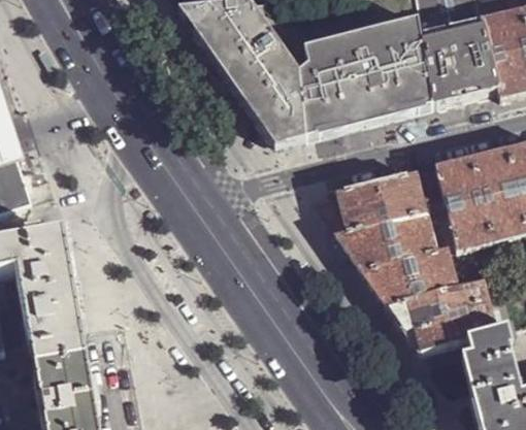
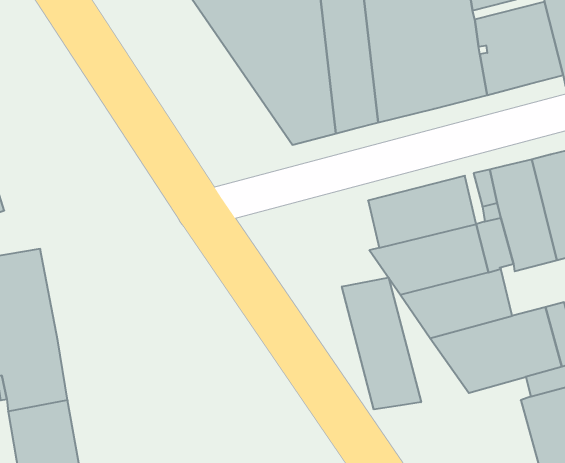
building: none -> [342,277,421,409]

